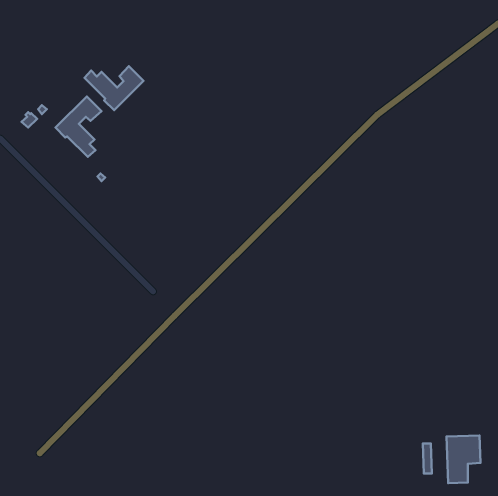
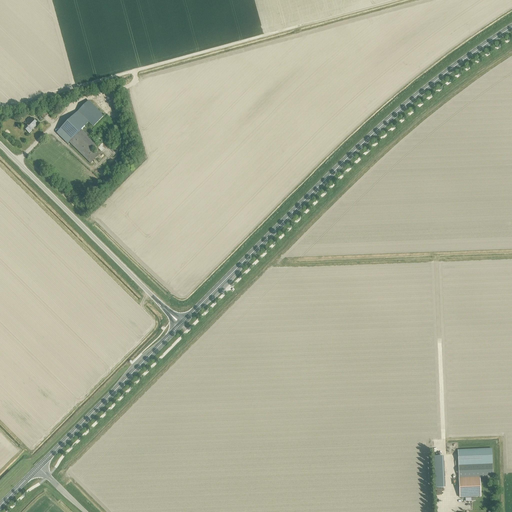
building: [85,66,143,110] -> none

